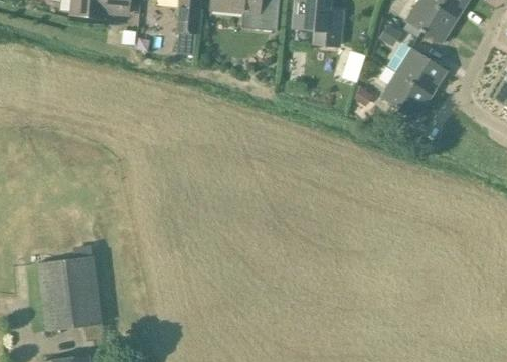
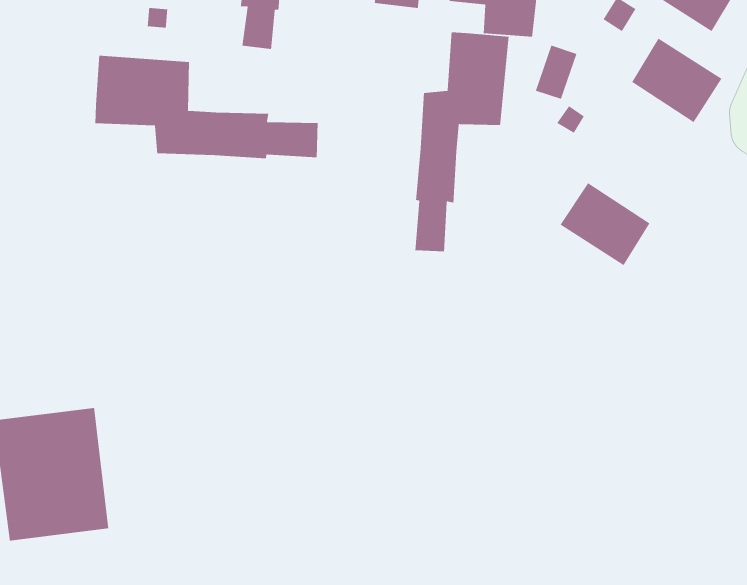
building: none -> [414,32,510,252]
building: none -> [94,55,319,159]
building: [379,72,431,120] -> [559,182,651,266]

